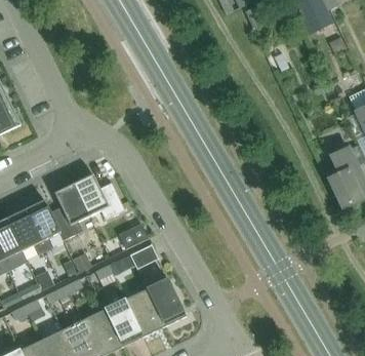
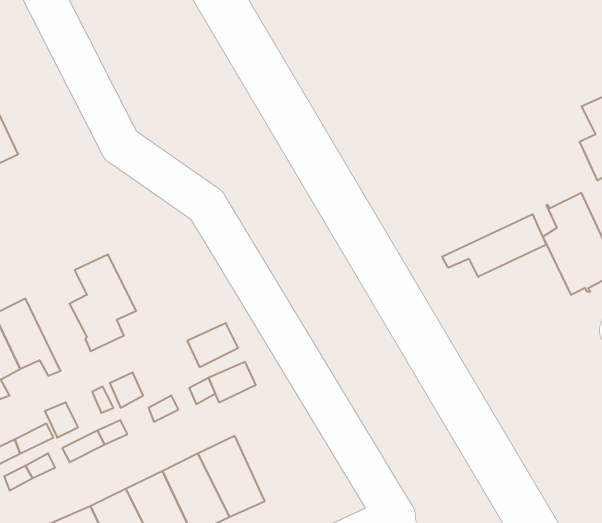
building: none -> [442,214,546,277]
building: [73,174,124,220] -> none
building: [25,200,60,251] -> none
building: [147,279,187,327] -> none

